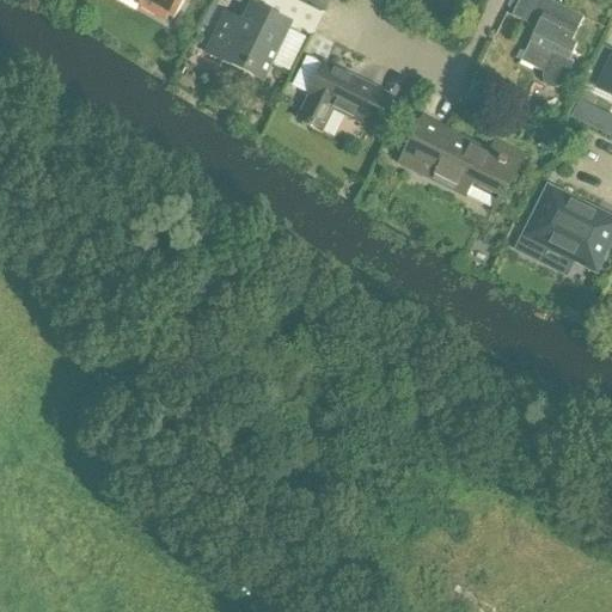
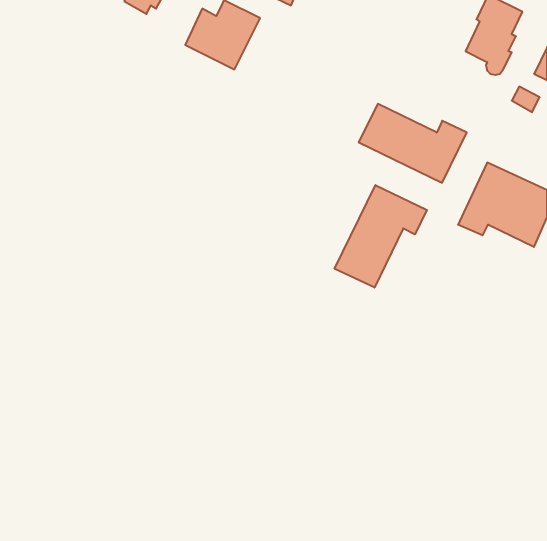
building: [298,60,392,127] -> none
building: none -> [335,185,427,288]

